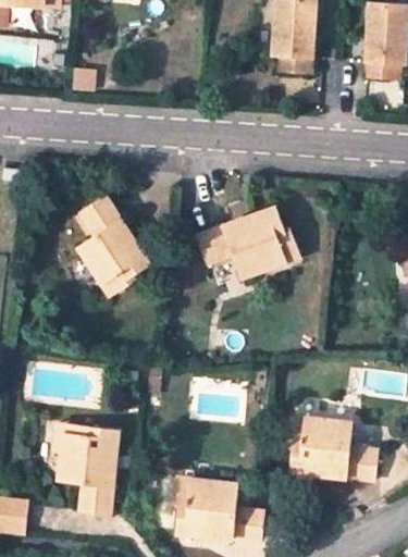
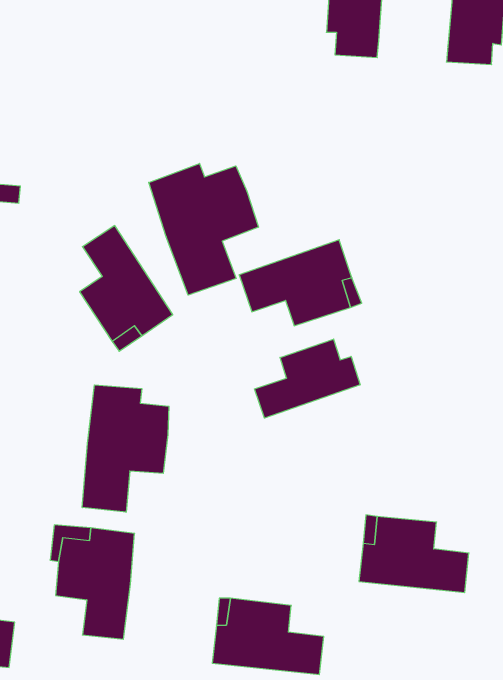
building: none -> [149,163,258,295]
building: none -> [254,339,360,418]
building: none -> [82,385,169,512]

